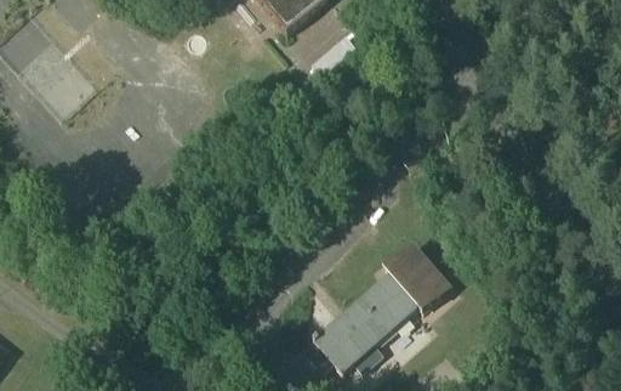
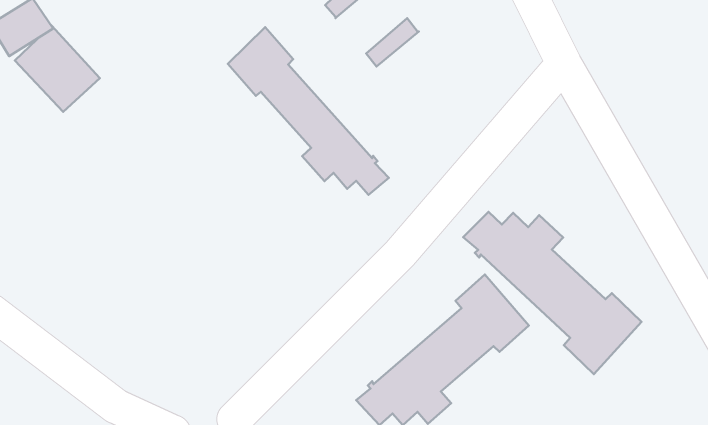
building: none -> [228,27,389,195]
building: none -> [463,212,642,374]

